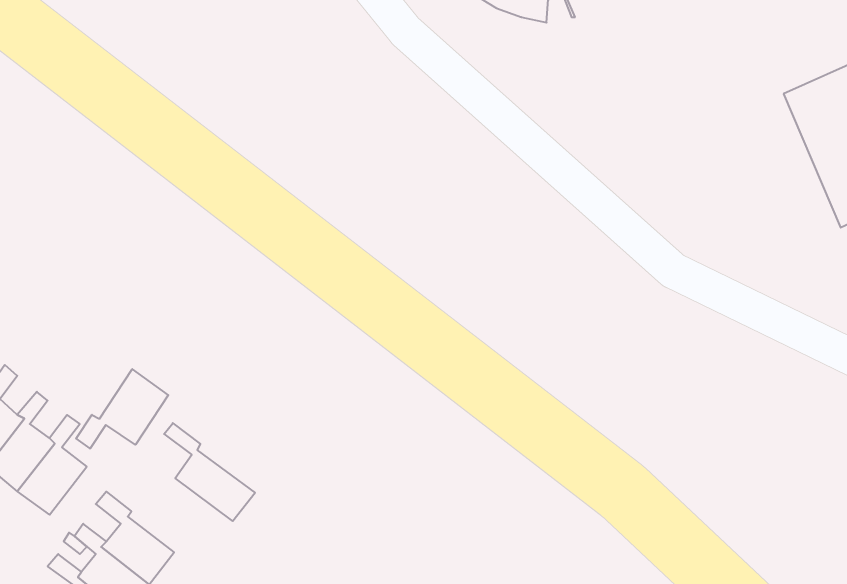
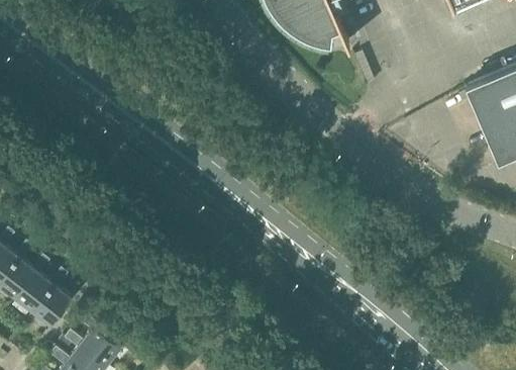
building: [76,369,168,449] -> none
building: [164,423,255,521] -> none

